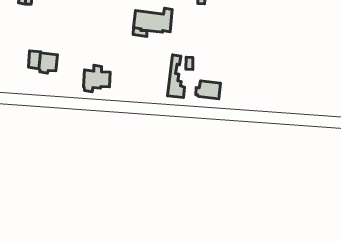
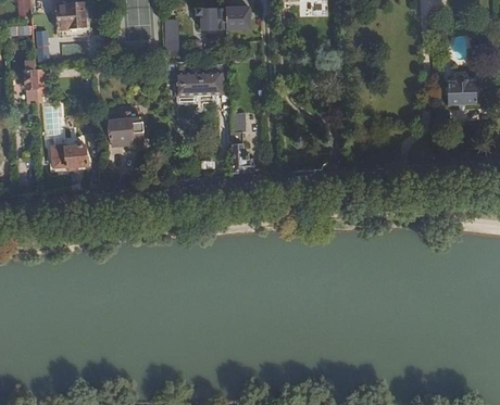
building: [83,65,110,92] -> [108,112,142,145]
building: [196,81,221,99] -> none

